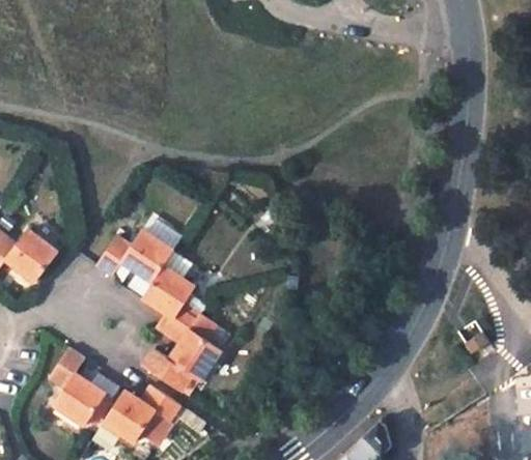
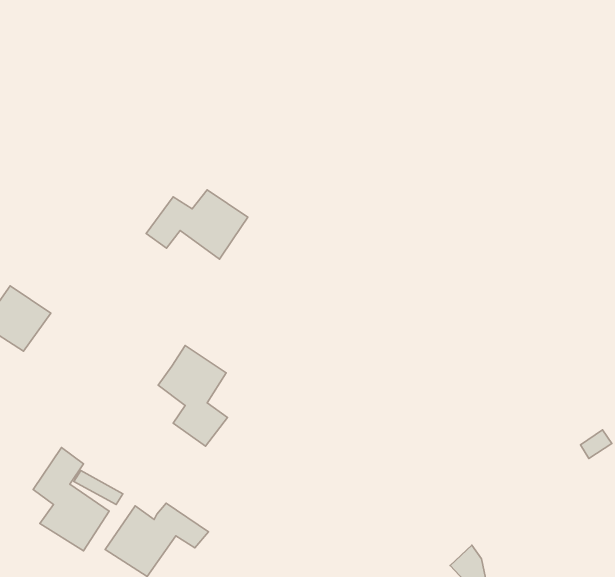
building: [97,231,175,284] -> [146,190,248,259]
building: [142,315,222,387] -> none

